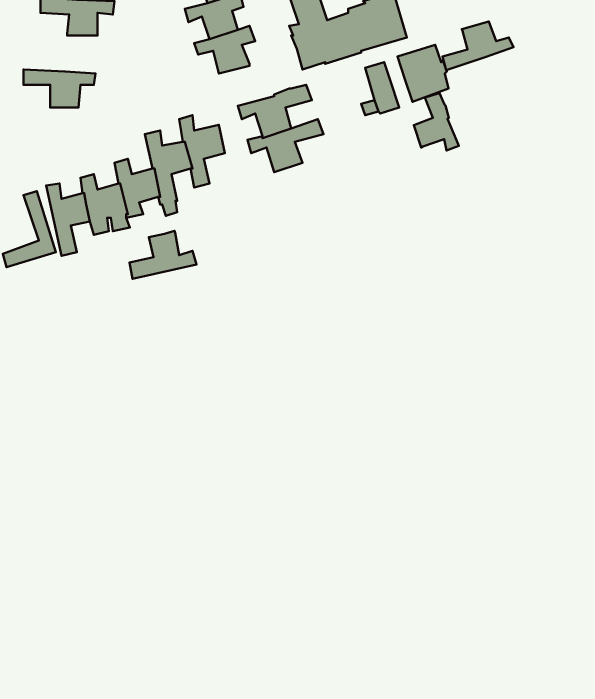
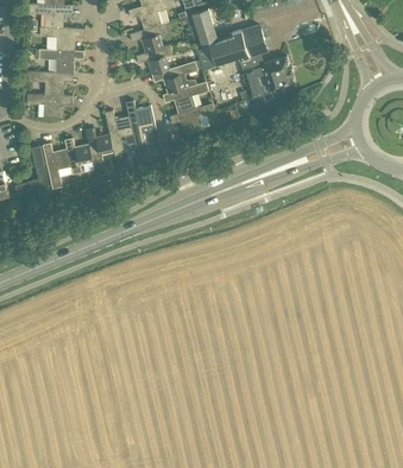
building: [442,21,514,70] -> none
building: none -> [38,49,84,74]
building: none -> [151,58,202,93]
building: [414,93,459,150] -> none
building: none -> [26,94,73,118]
building: [129,231,196,279] -> none

